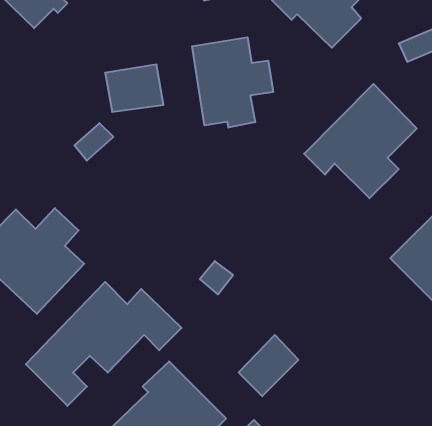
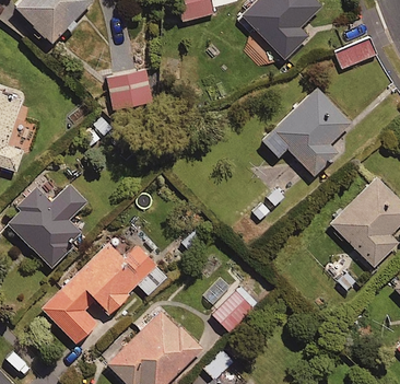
building: [192,37,273,128] -> none

